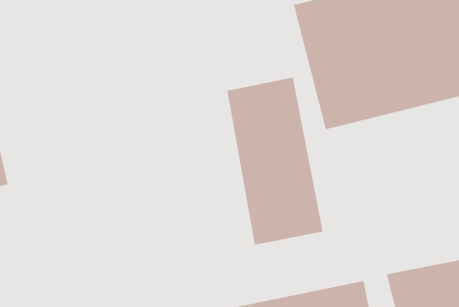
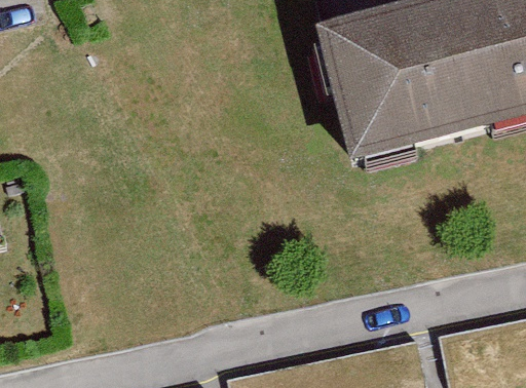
building: [227,77,323,245] -> none

